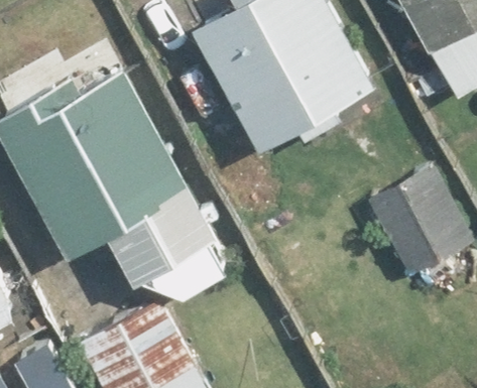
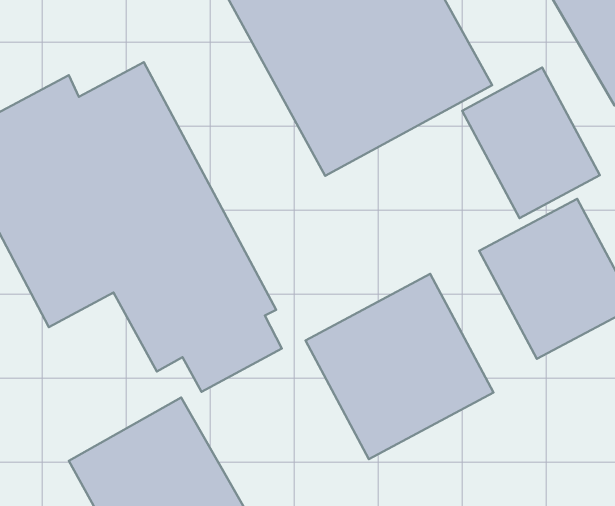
building: none -> [462,68,600,218]
building: none -> [305,274,493,459]

